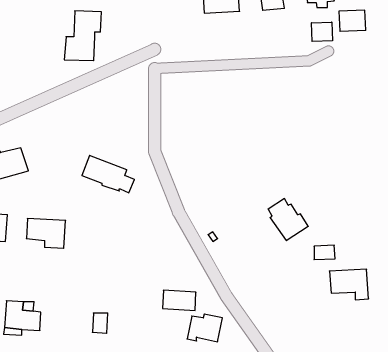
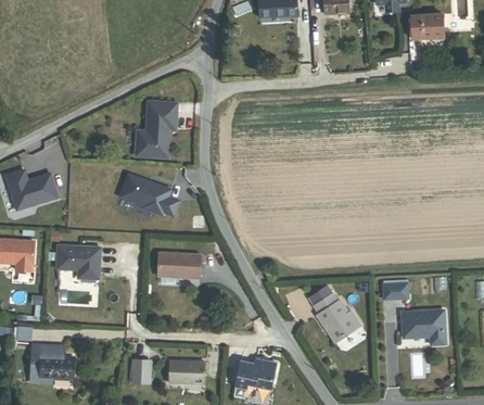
building: [64,11,101,61] -> [135,109,177,165]
building: [312,22,332,41] -> none
building: [268,199,308,241] -> [314,291,359,339]
building: none -> [158,256,202,283]
building: [163,290,196,310] -> [169,360,207,383]

